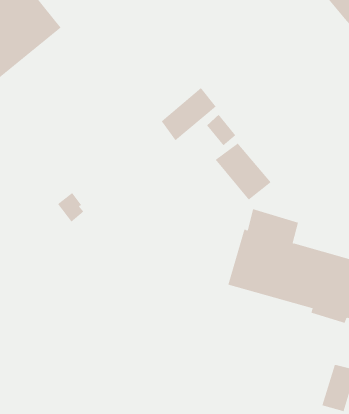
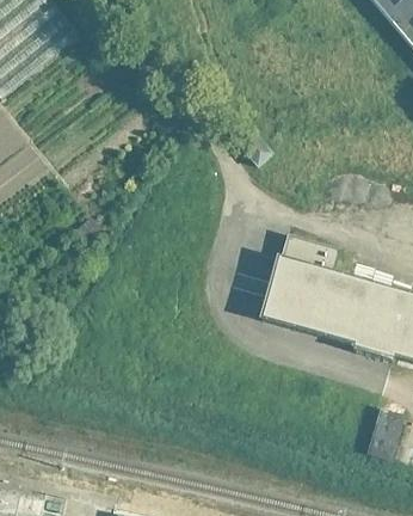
building: [161,87,217,141] -> none
building: [215,143,271,201] -> none

